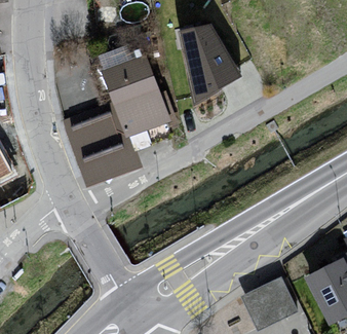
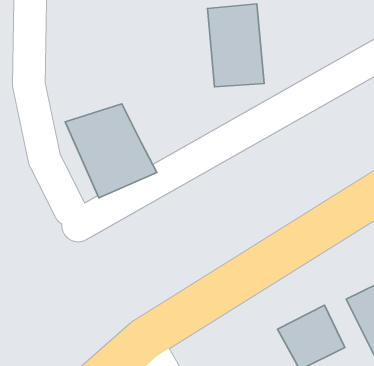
building: [105,59,172,141] -> none

